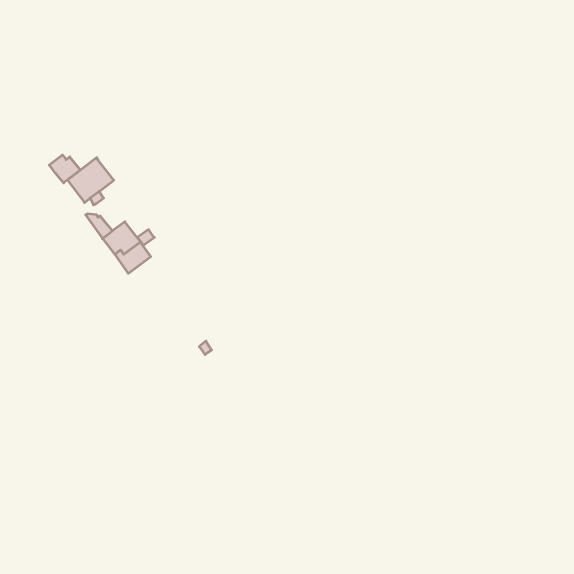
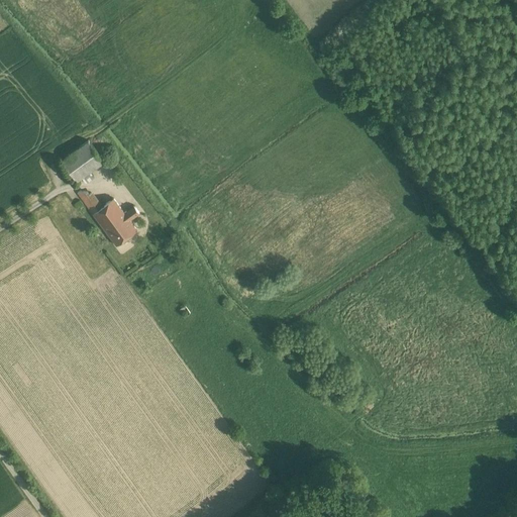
building: [49,155,80,183] -> none

